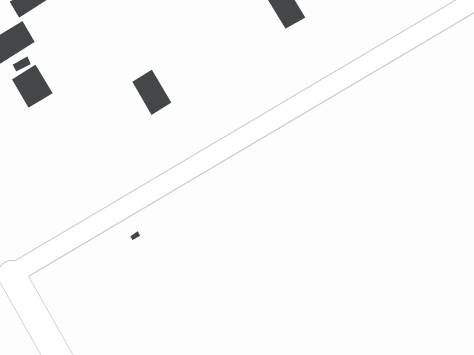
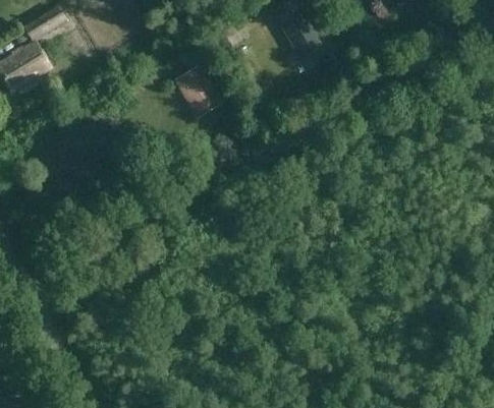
building: [11,64,54,109] -> none
building: [131,68,173,116] -> [178,67,220,115]

